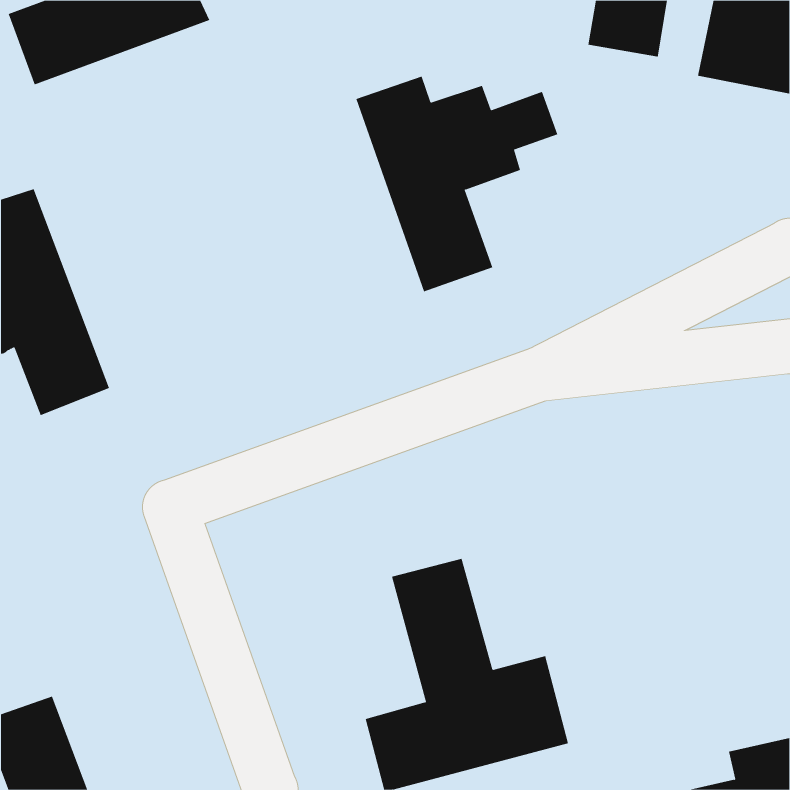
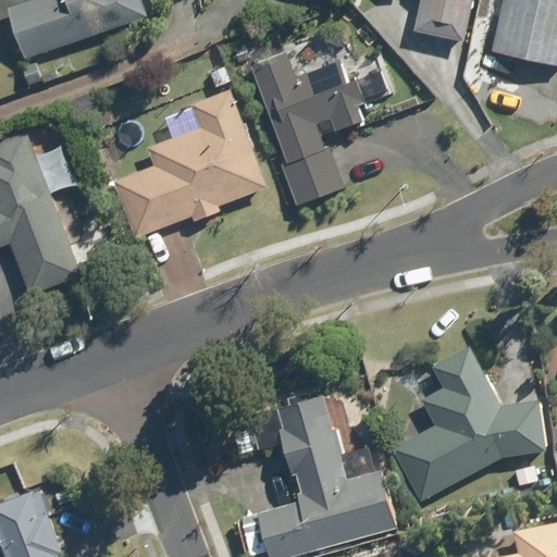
building: none -> [116,89,265,235]
building: none -> [393,346,545,495]

